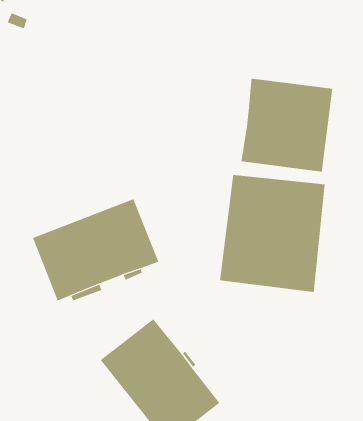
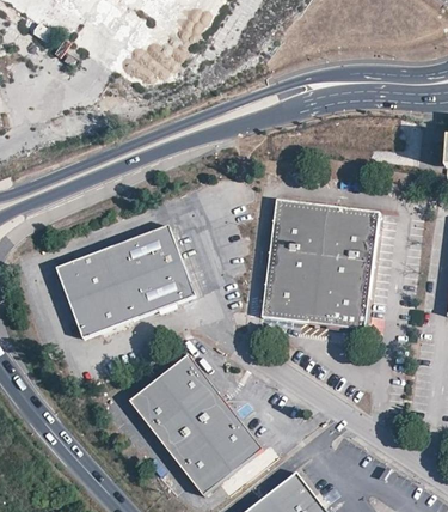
building: [241,78,333,172] -> none

